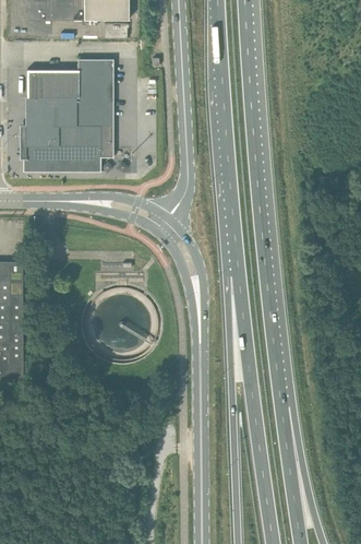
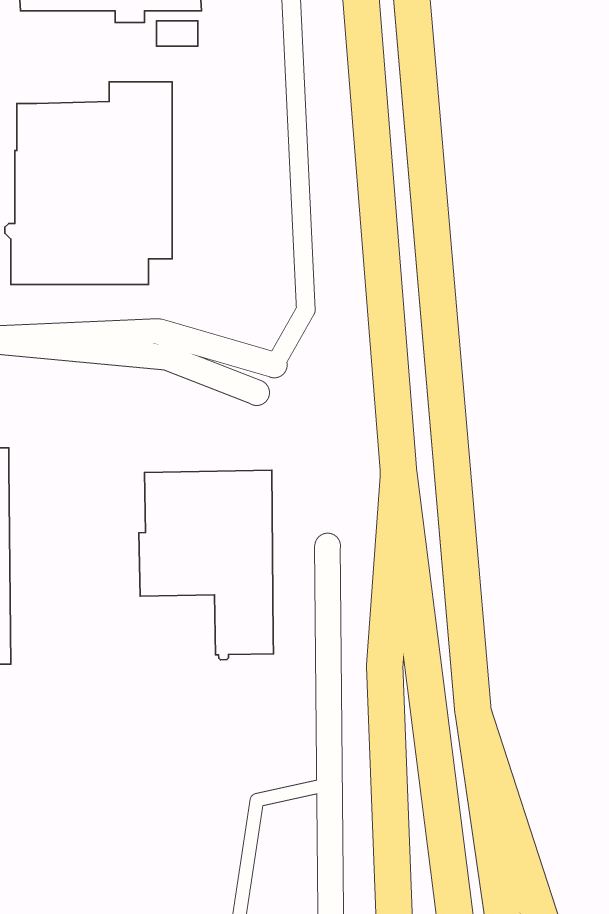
building: none -> [139,470,274,660]

